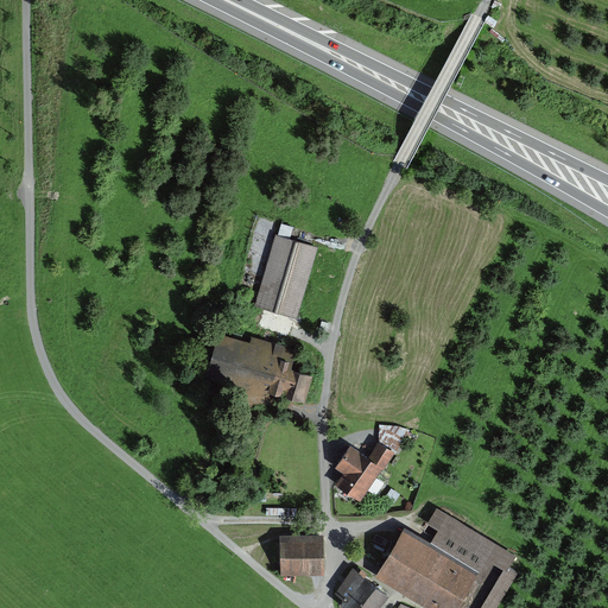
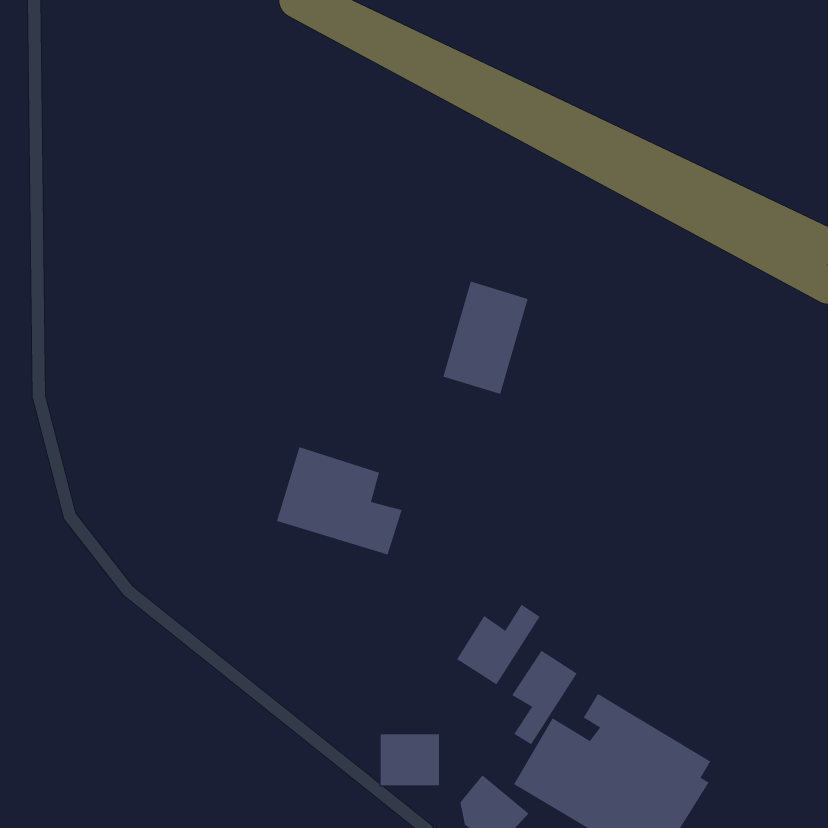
building: [253,236,316,319] -> [443,281,529,395]
building: none -> [512,650,578,745]

